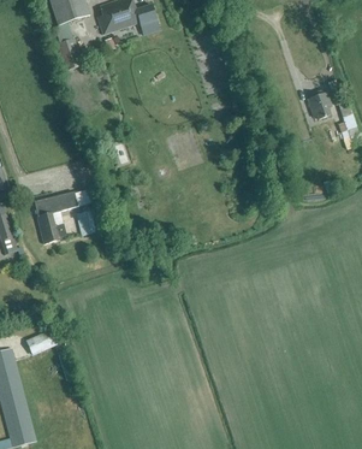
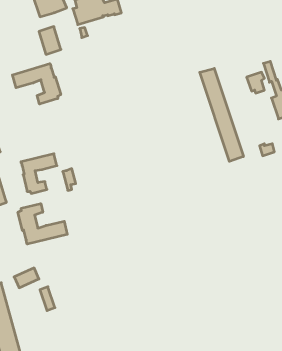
building: none -> [12,64,61,104]
building: none -> [200,68,243,161]
building: none -> [18,204,67,244]

